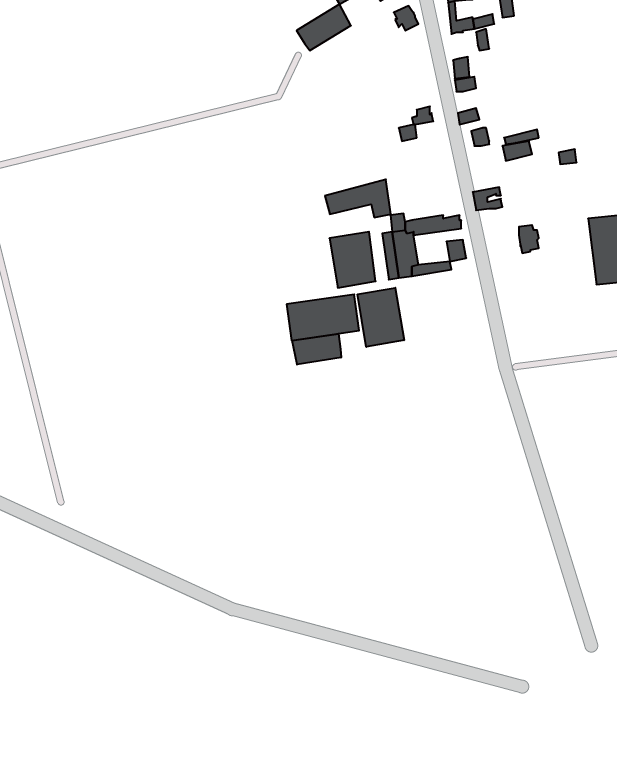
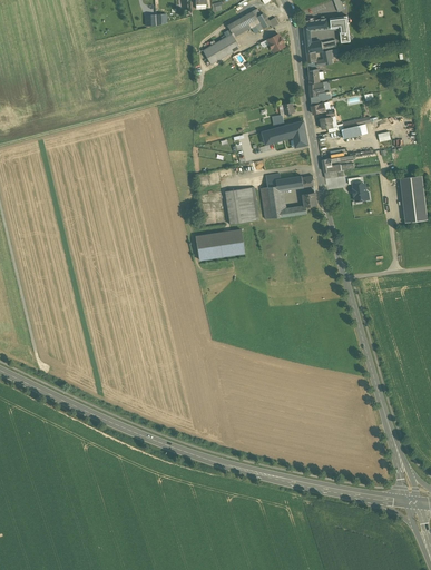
building: [325,179,391,217] -> [262,121,306,147]
building: [358,288,404,347] -> none
building: [292,334,341,365] -> none

